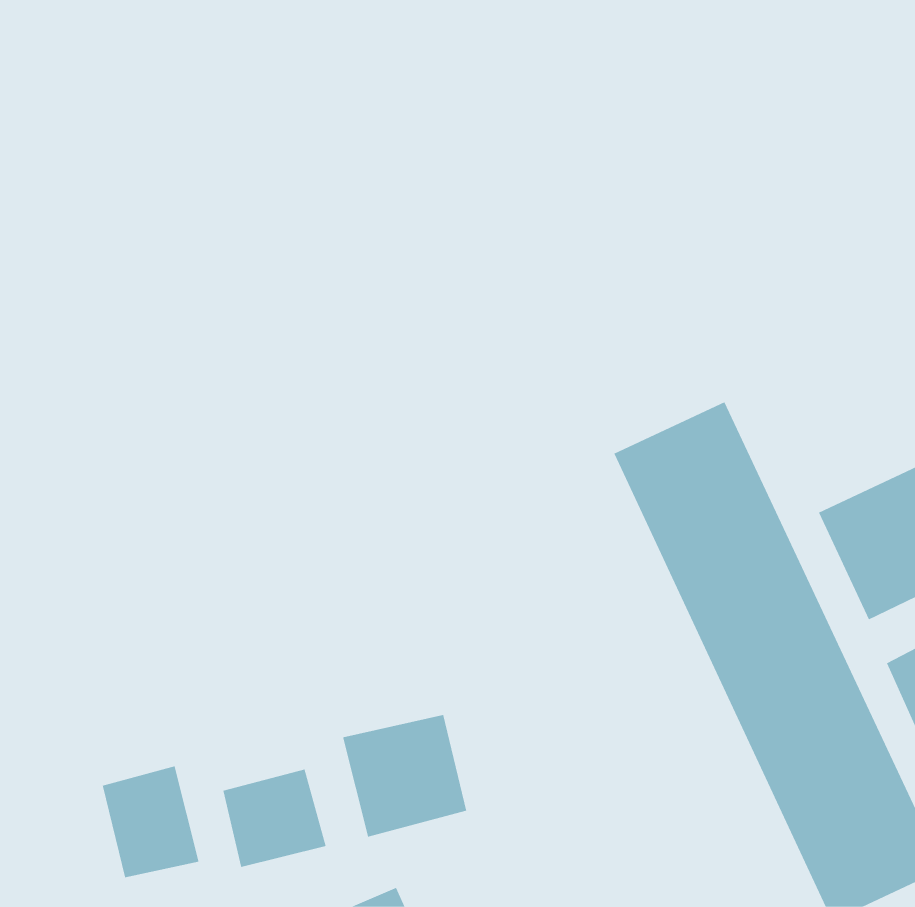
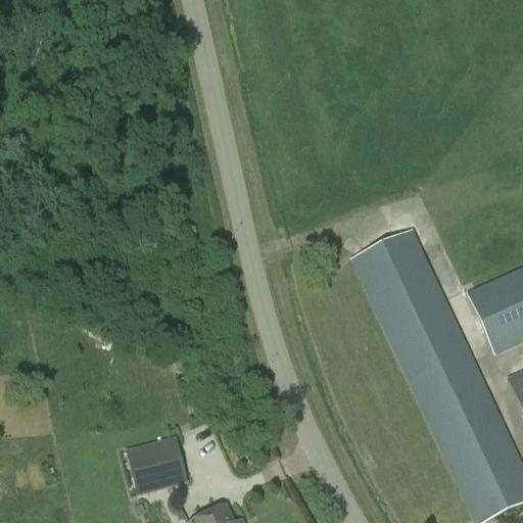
building: [343,714,467,838] -> none
building: [102,765,199,878] -> none

